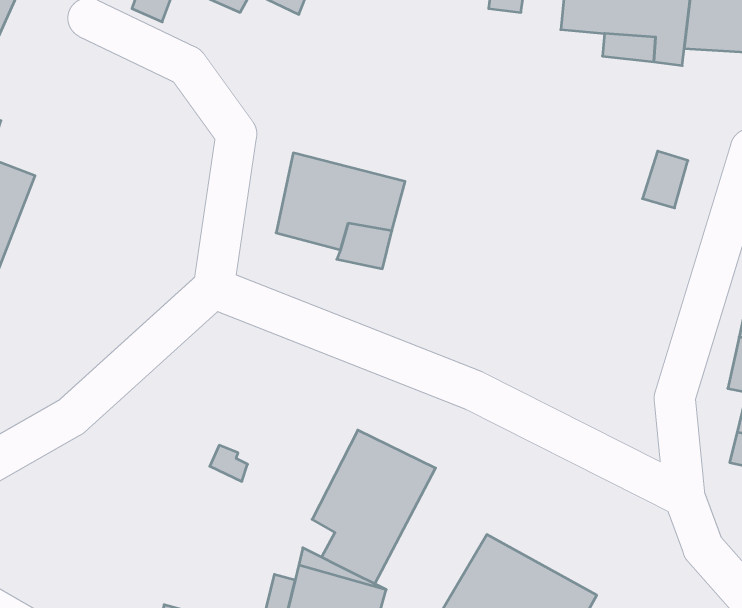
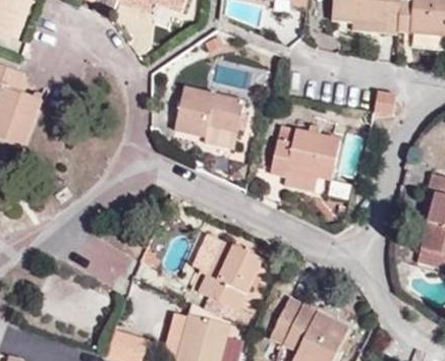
building: none -> [268,130,337,182]

